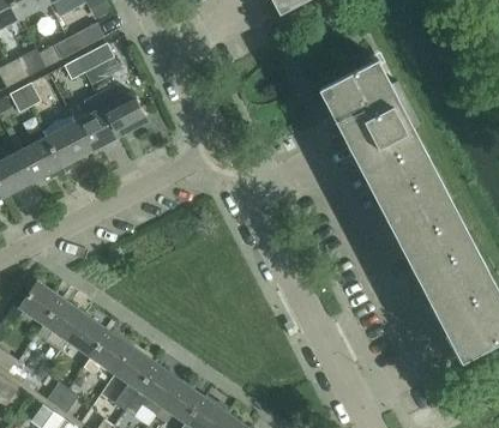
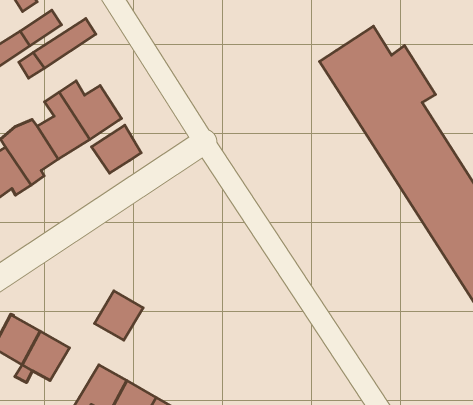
building: none -> [92,125,141,173]
building: [66,314,109,357] -> [94,291,143,340]

